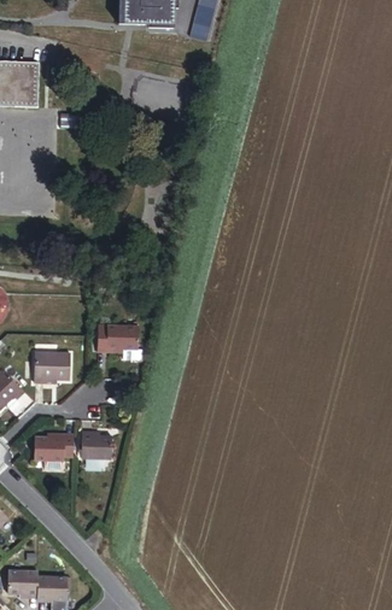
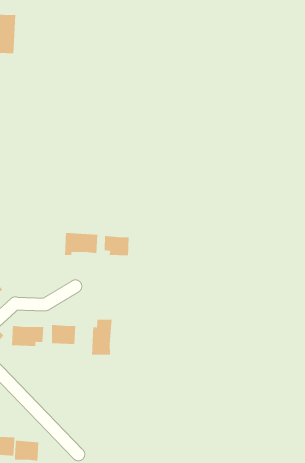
building: none -> [104,235,129,256]
building: [33,352,69,381] -> none
building: none -> [92,319,112,356]

